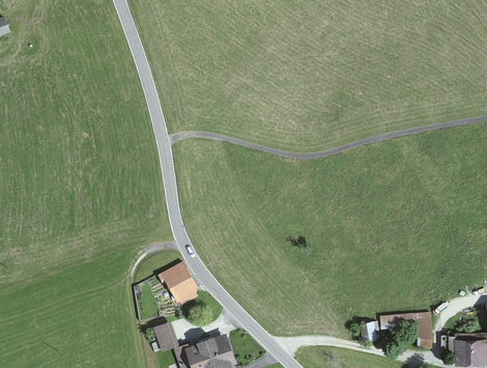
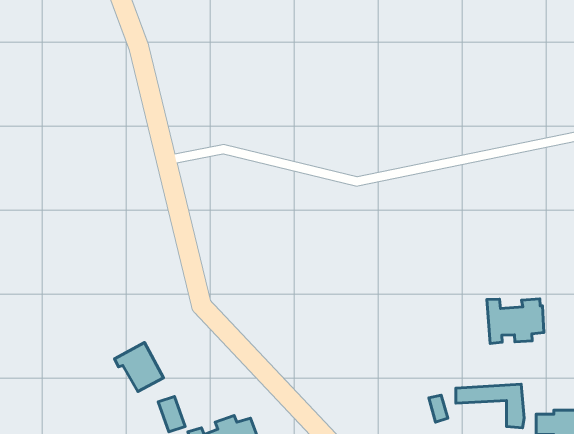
building: none -> [487,299,544,344]
building: [161,264,198,302] -> [115,342,164,391]

